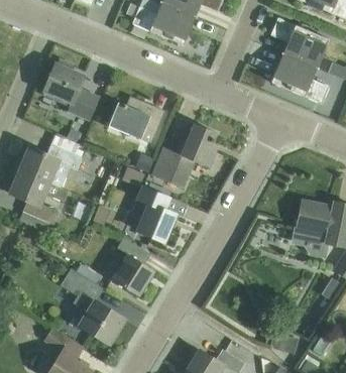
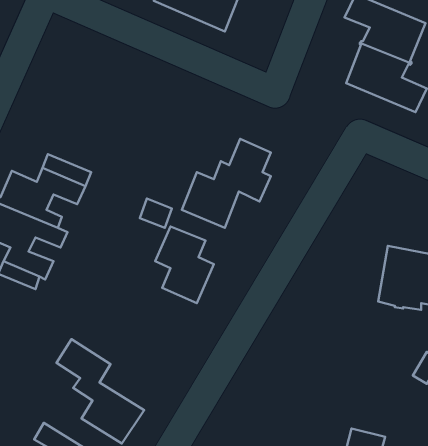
building: [43,59,98,120] -> none
building: [108,97,164,143] -> none
building: [113,238,155,296] -> none

